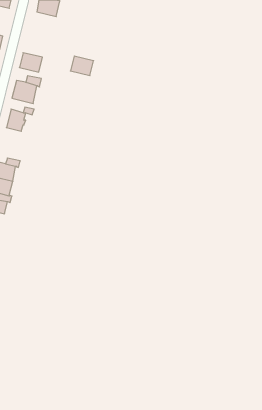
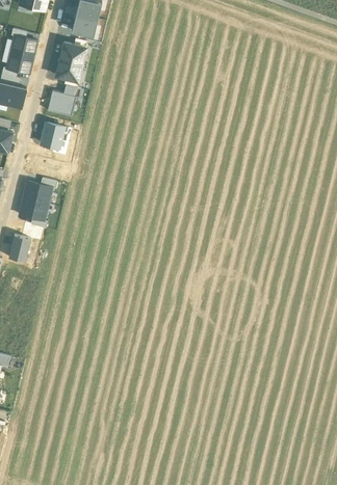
building: none -> [72,15,98,37]
building: [70,56,94,76] -> [60,44,86,65]

